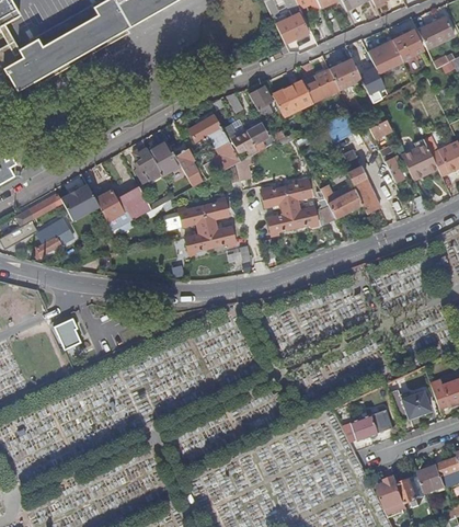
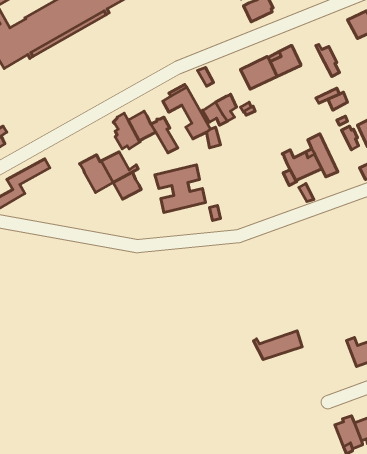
building: [367,39,402,73] -> none
building: [330,58,362,89] -> none
building: [248,85,274,118] -> none
building: [261,177,318,233] -> none
building: [60,183,100,220] -> none
building: none -> [113,172,141,199]
building: [32,218,72,257] -> none
building: [55,317,82,353] -> none
building: [338,410,392,442] -> [253,331,302,360]

